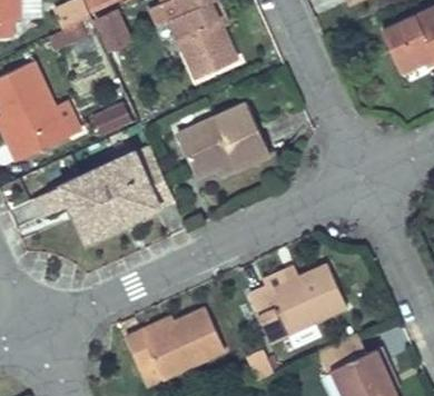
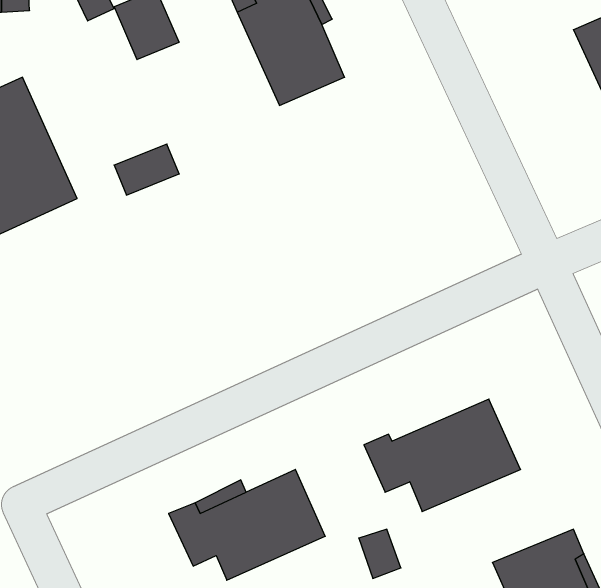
building: [176,105,269,178] -> none
building: [32,151,172,240] -> none

